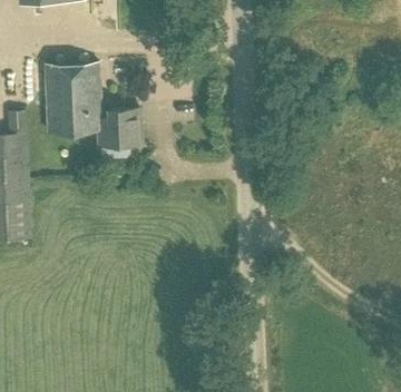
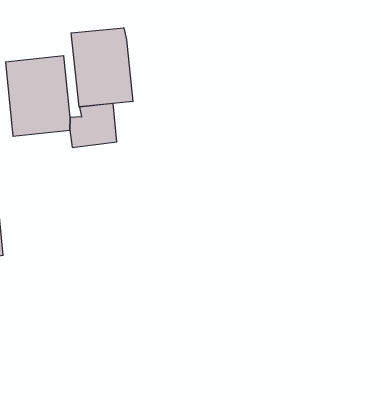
building: none -> [71,28,133,107]

